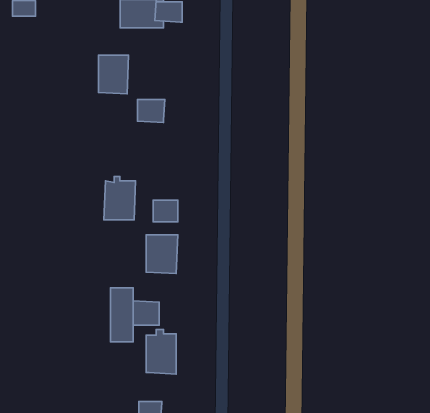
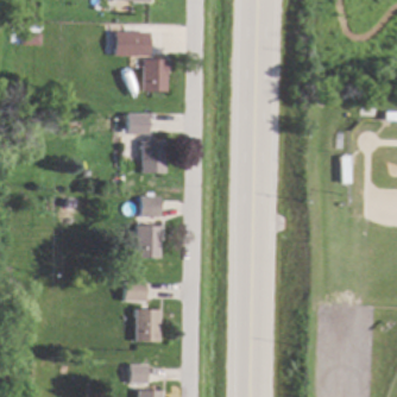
building: [98,55,129,94] -> [143,59,168,92]
building: [104,177,136,220] -> [140,137,166,172]
building: [110,288,133,342] -> none

